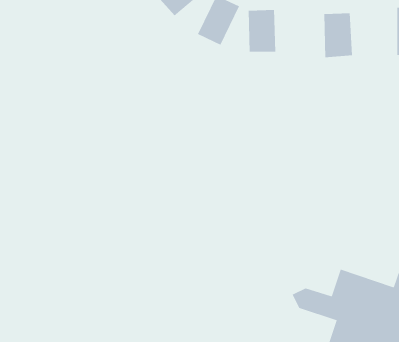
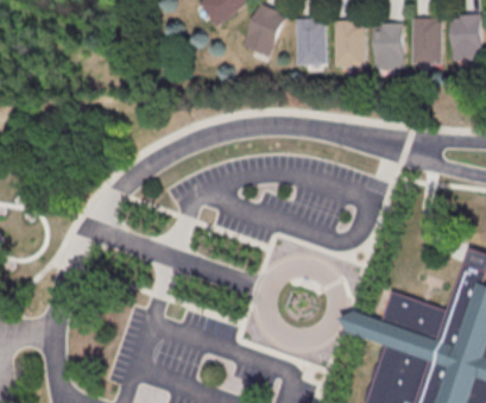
building: none -> [412,18,442,63]
building: none -> [334,21,362,68]

